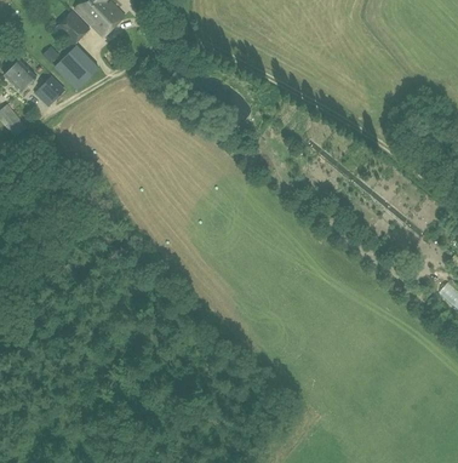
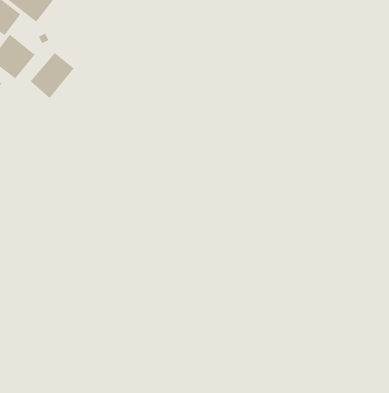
building: none -> [30,52,74,99]

